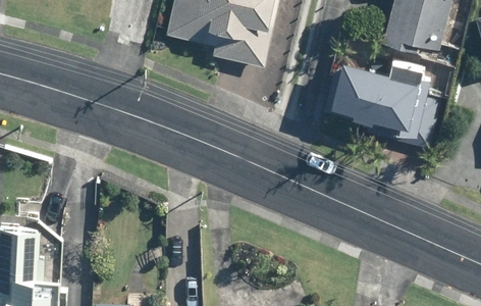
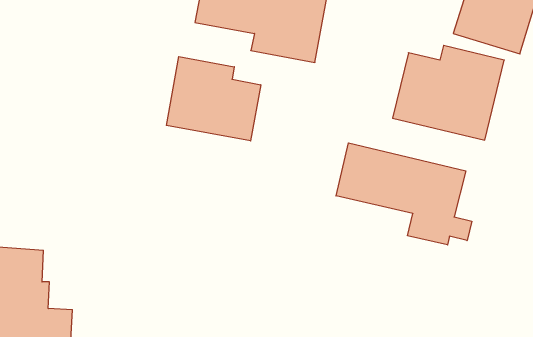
building: none -> [166,57,261,141]
building: none -> [336,143,472,245]

